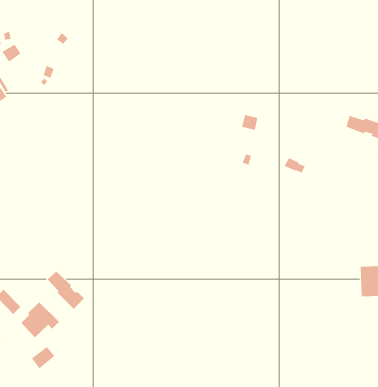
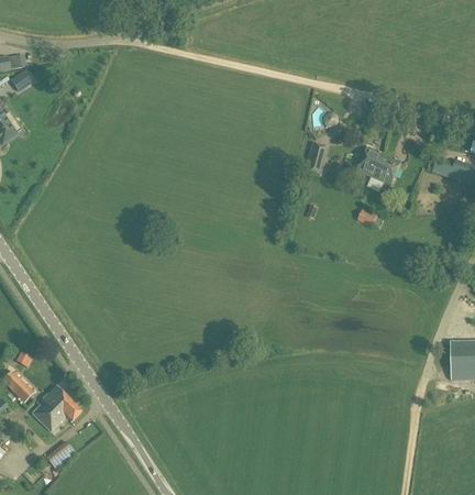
building: none -> [357,146,399,183]
building: [47,271,85,310] -> none

